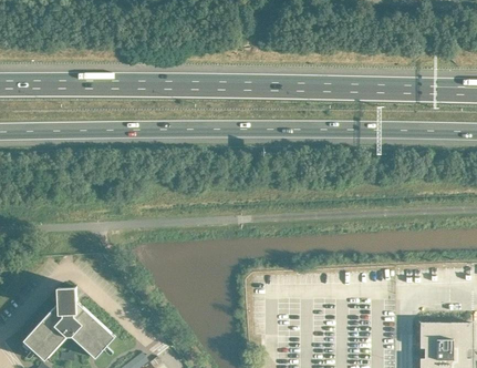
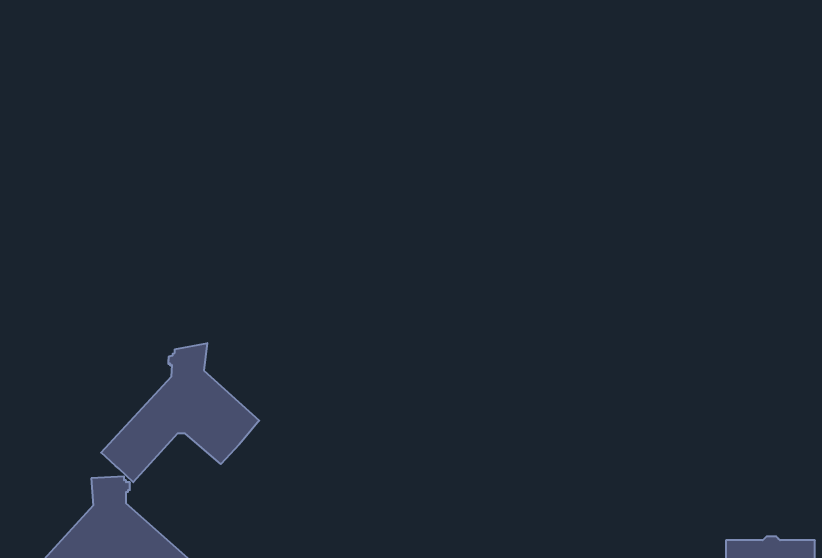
building: none -> [101,343,259,482]

